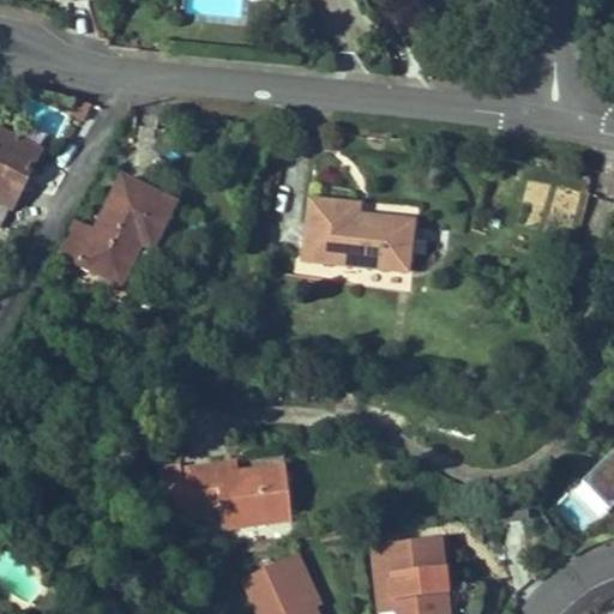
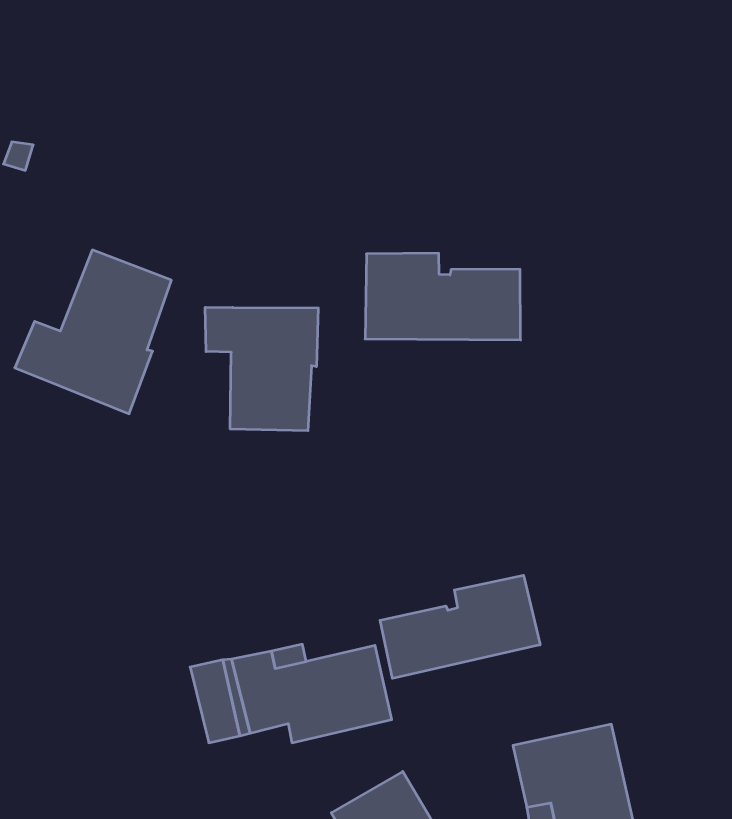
building: none -> [205,307,318,431]
building: none -> [380,575,540,678]

